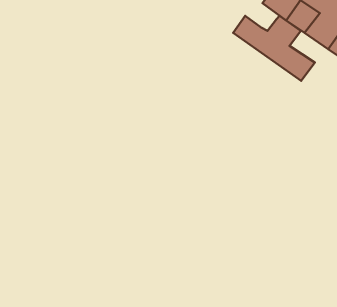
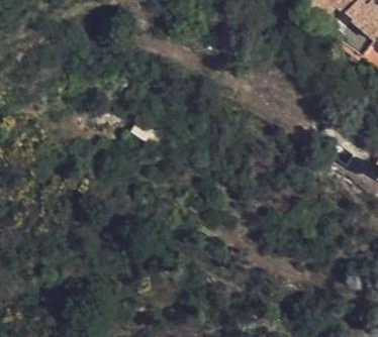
building: [233,16,315,81] -> none

